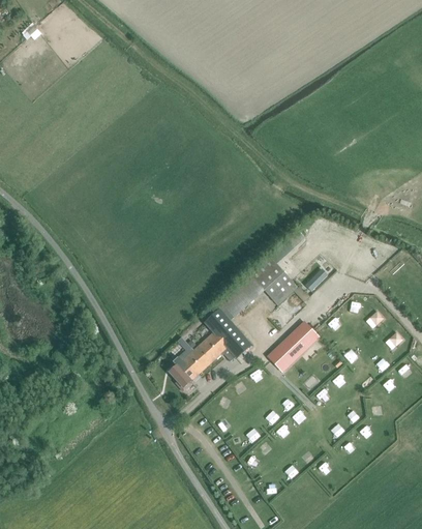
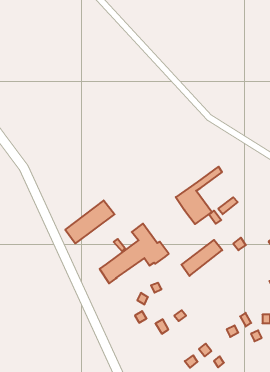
building: none -> [65,200,115,243]

